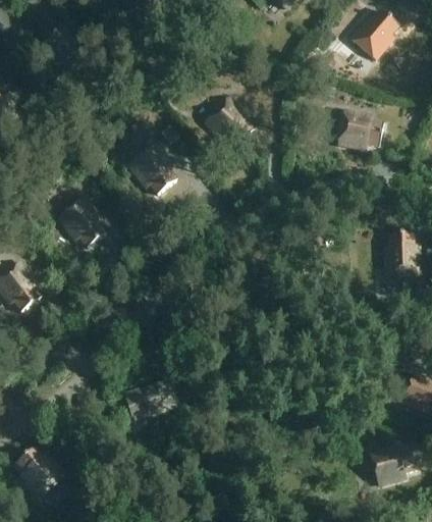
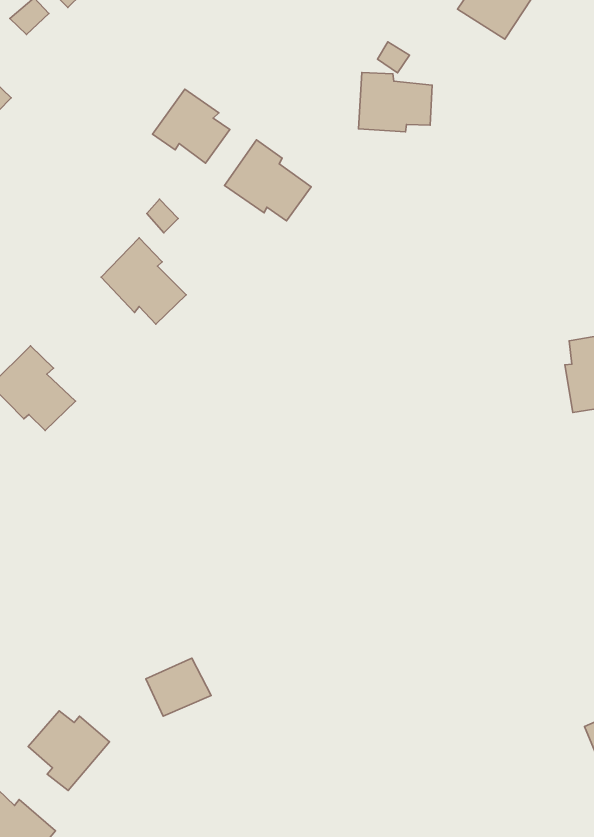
building: none -> [153,89,230,163]
building: [337,111,382,148] -> [358,73,432,132]
building: none -> [28,711,110,790]

